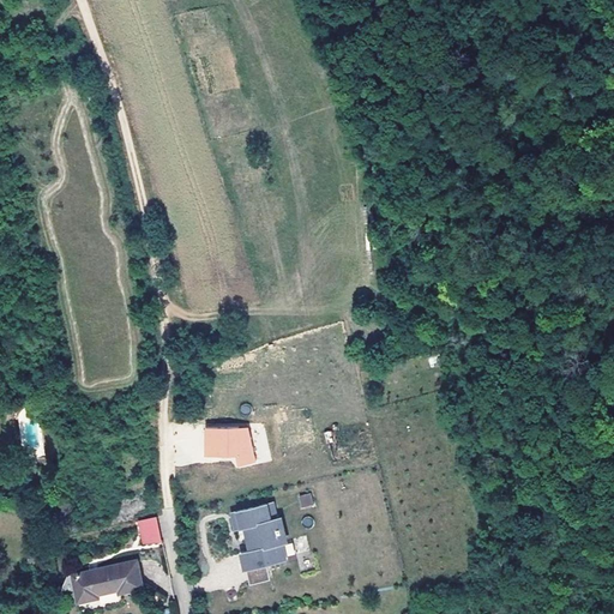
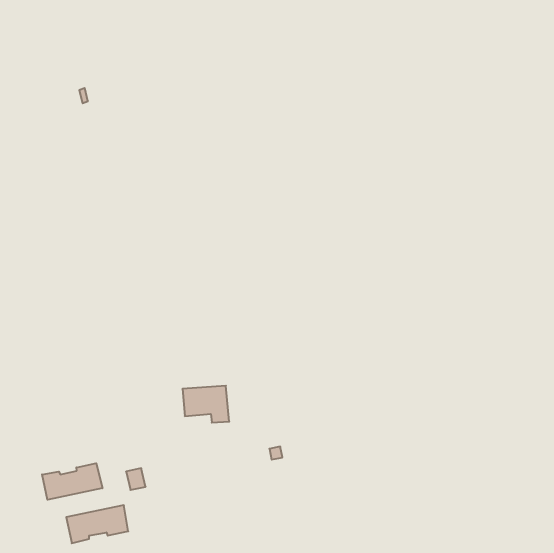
building: [231,501,288,568] -> none
building: none -> [42,463,102,500]

